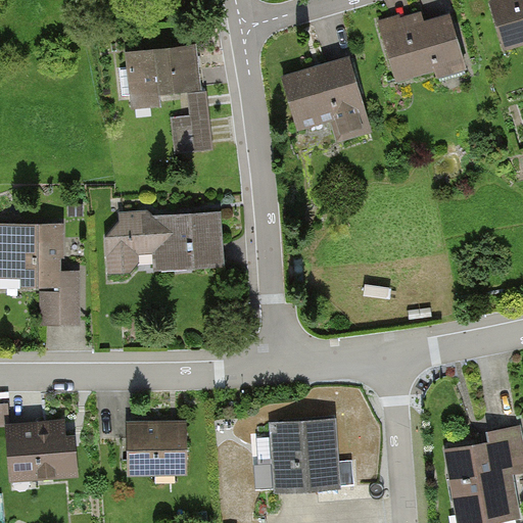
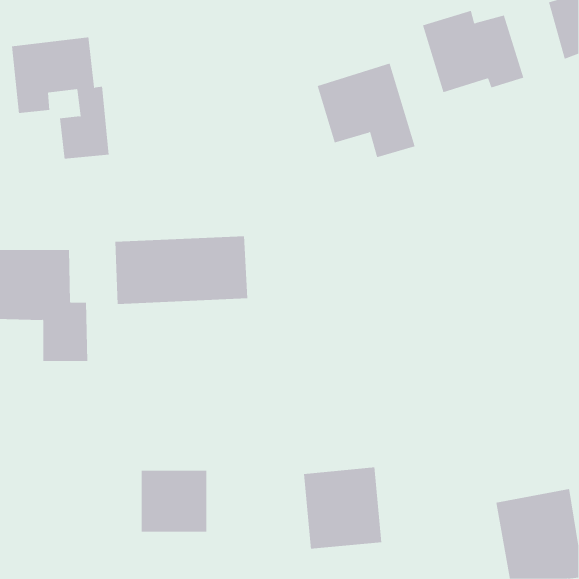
building: [125,44,212,153] -> [11,37,110,159]
building: [4,417,76,483] -> none

